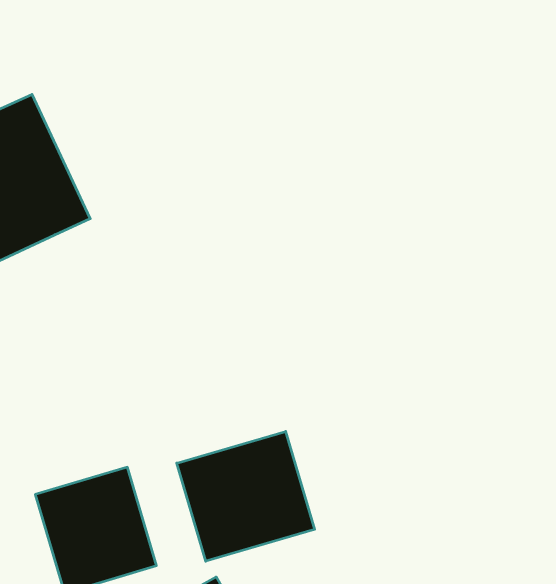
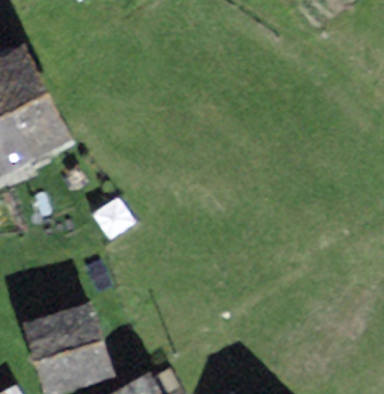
building: [177,431,315,561] -> none

